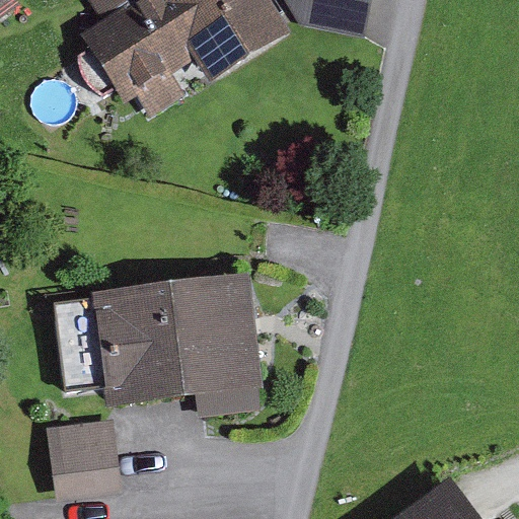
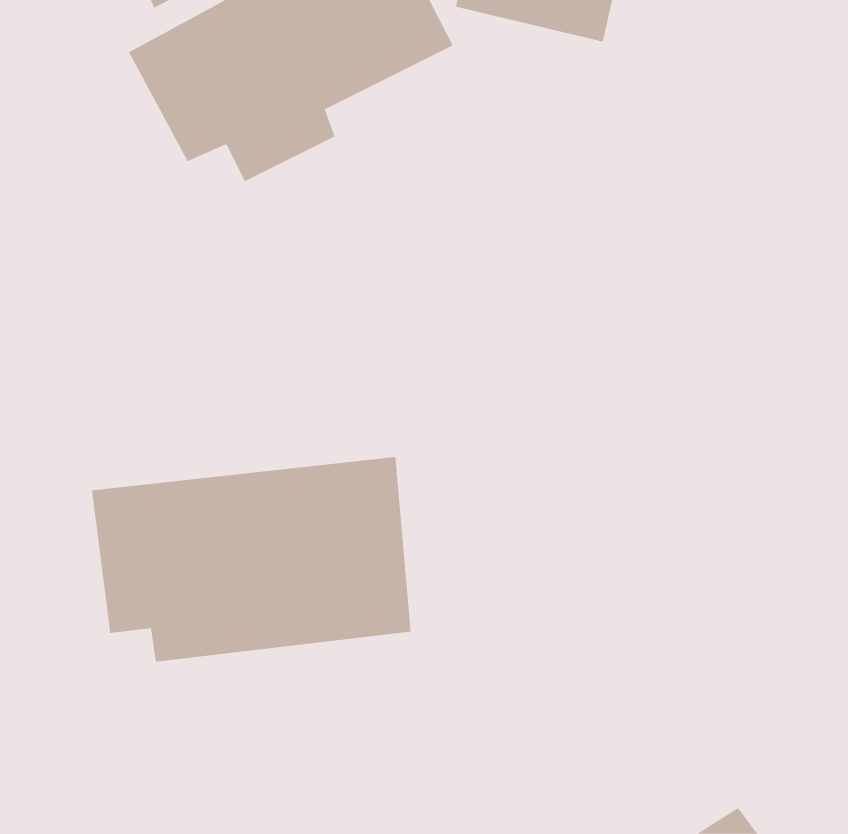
building: [52,420,121,489] -> none

